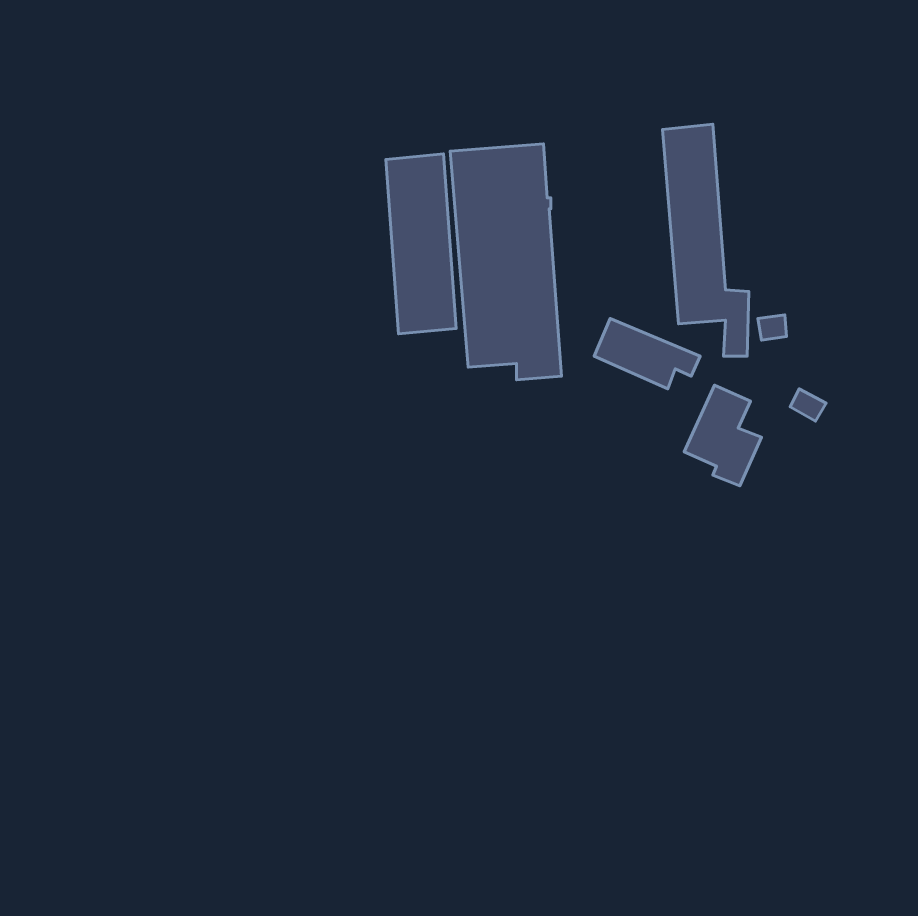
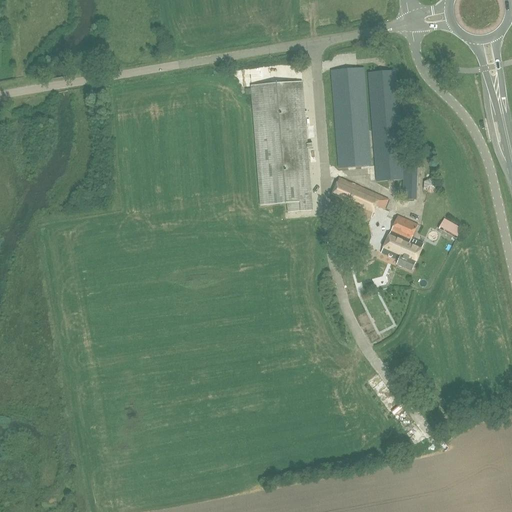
building: [386,154,456,334] -> [331,66,370,166]

